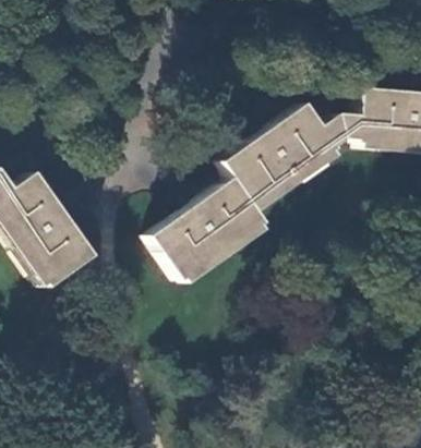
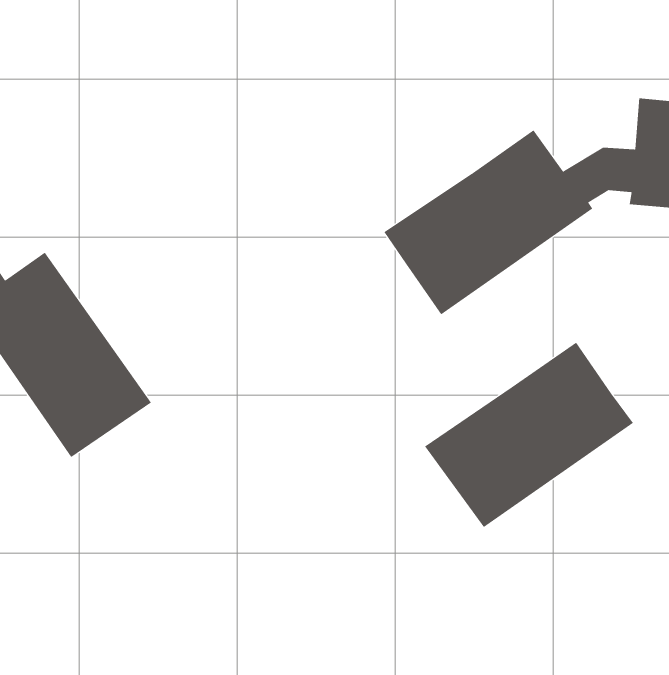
building: [151,179,266,281] -> [424,342,634,528]

